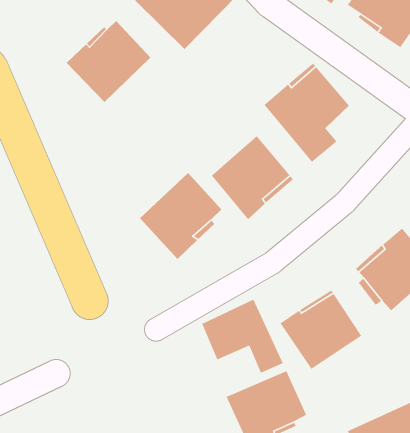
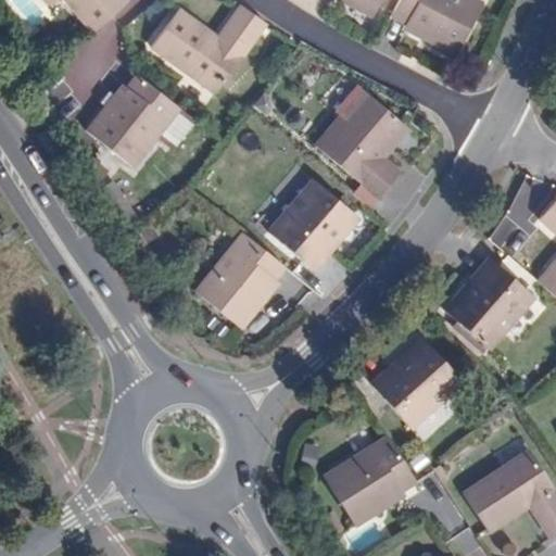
building: [201,299,284,374] -> none

